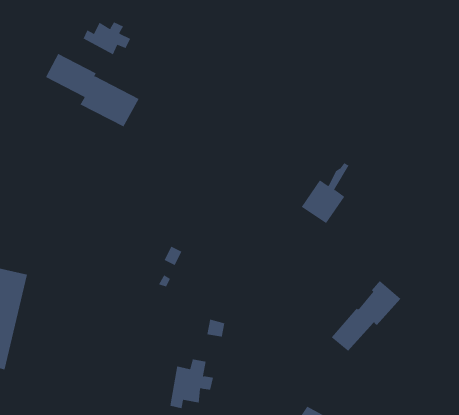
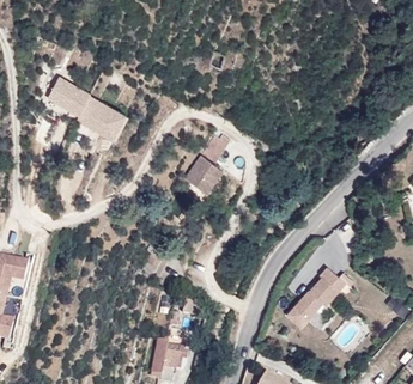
building: [83,21,131,55] -> none
building: [301,162,349,224] -> [184,140,225,191]

